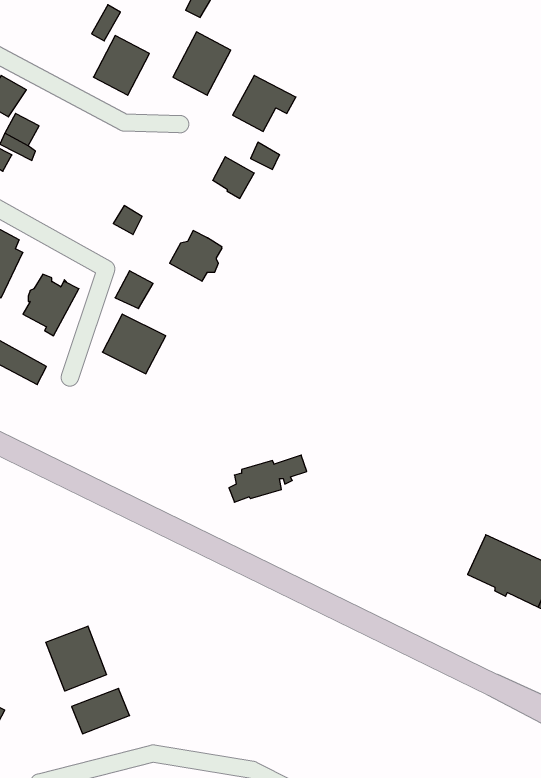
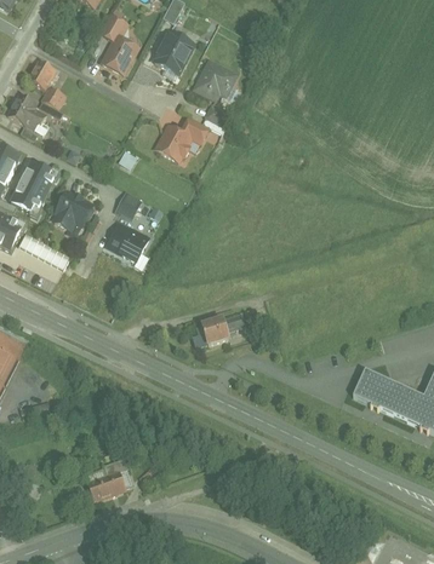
building: [170,231,222,281] -> [155,126,190,160]
building: [46,626,107,691] -> none

